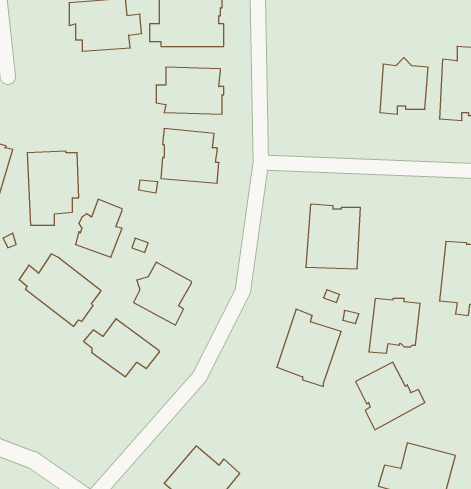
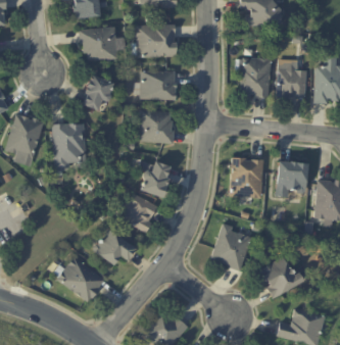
building: none -> [241,57,273,97]
building: none -> [85,75,115,111]
building: [75,199,122,257] -> [141,160,171,197]
building: [19,254,101,326] -> [53,256,105,302]
building: [369,299,420,353] -> [276,161,308,196]

